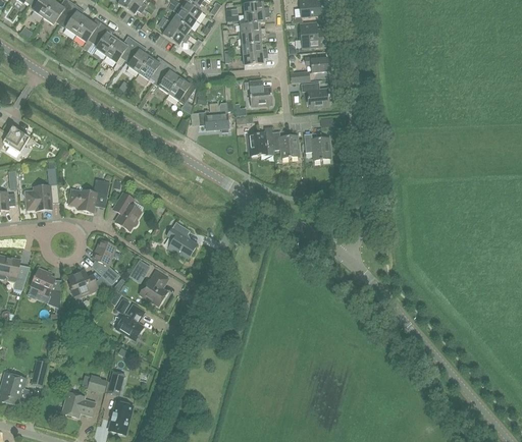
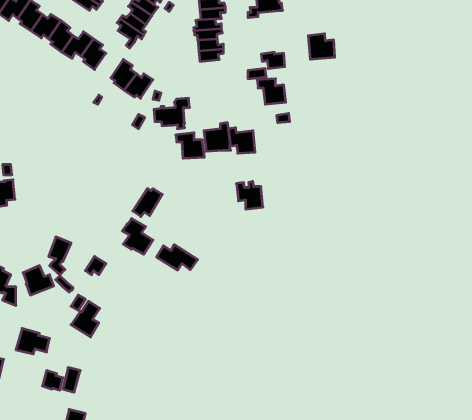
building: [300,21,326,47] -> [308,34,335,59]
building: [139,56,167,80] -> none
building: [244,79,272,105] -> [176,133,204,158]
building: [304,131,330,159] -> [236,181,263,209]
building: [68,178,109,212] -> none
building: none -> [133,189,162,217]
building: [114,191,141,229] -> none
building: none -> [157,245,198,270]
building: [139,270,167,305] -> none
building: [61,390,95,416] -> [16,328,50,354]

